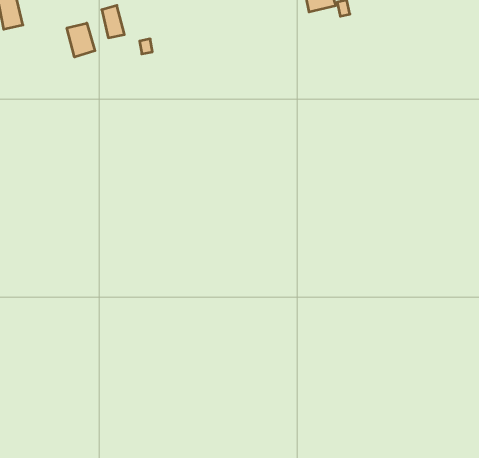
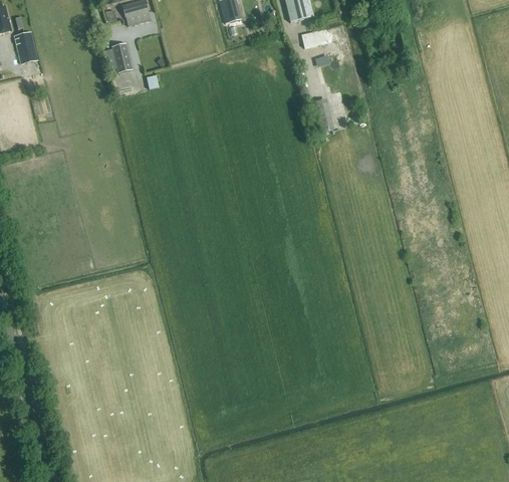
building: [67,23,95,57] -> none

